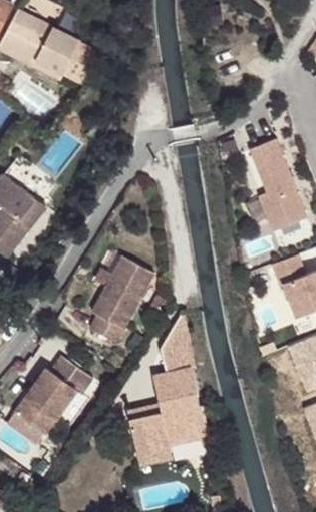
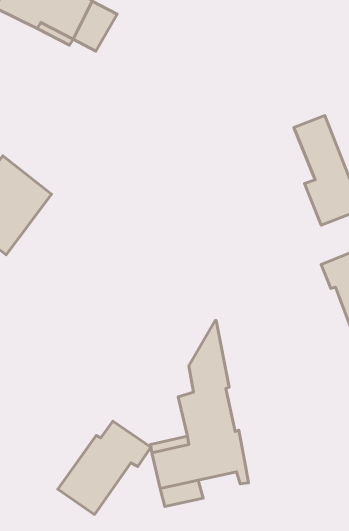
building: [90,255,154,343] -> none
building: [14,356,92,434] -> [58,421,151,514]

